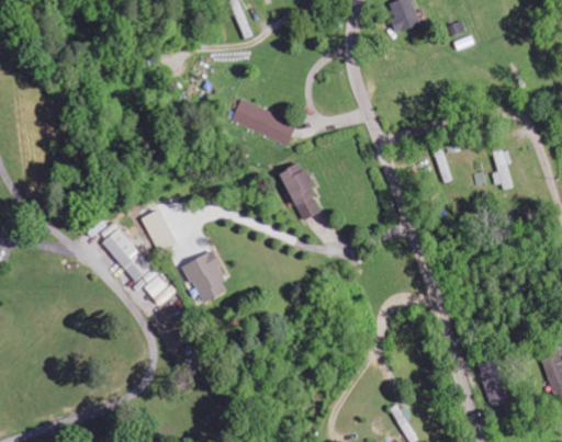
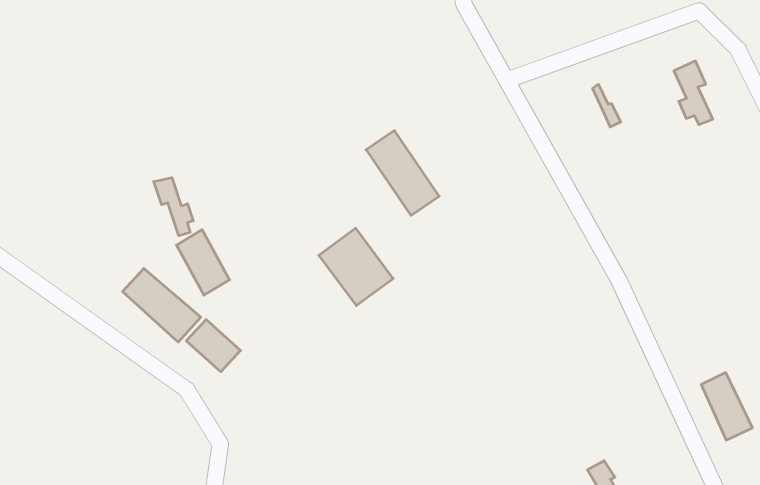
building: [231,102,295,141] -> none
building: none -> [154,178,193,236]
building: [182,251,229,303] -> [319,228,393,306]

